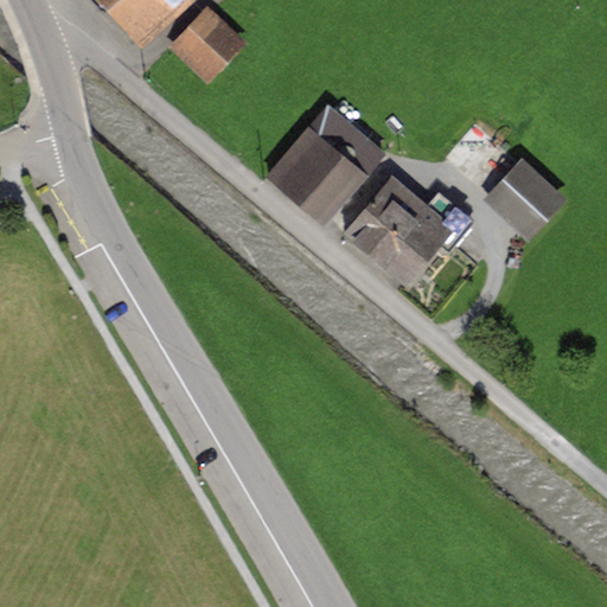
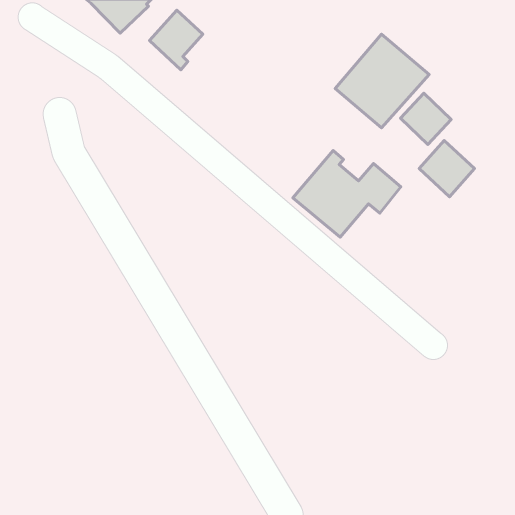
building: [273,106,383,216] -> [335,34,429,128]
building: none -> [401,93,451,144]

